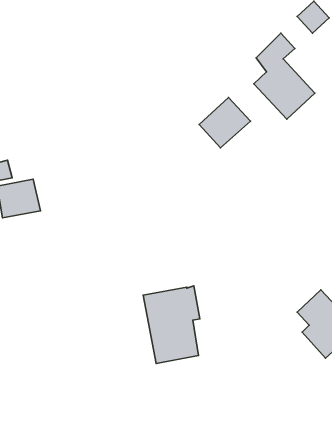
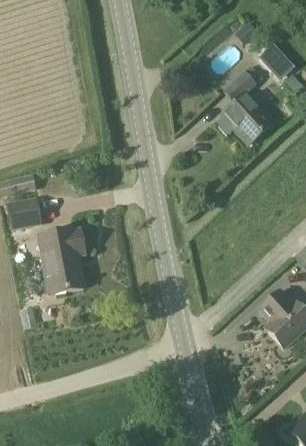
building: [199,97,251,148] -> none
building: [143,286,200,364] -> [37,229,85,295]

